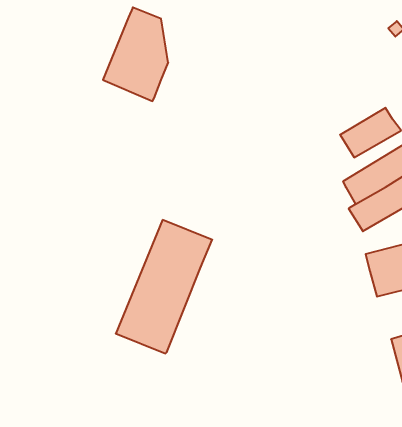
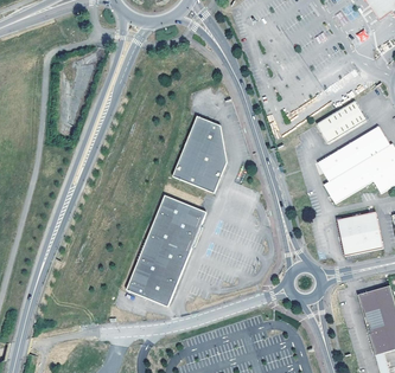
building: [103,7,168,101] -> [173,115,228,193]

